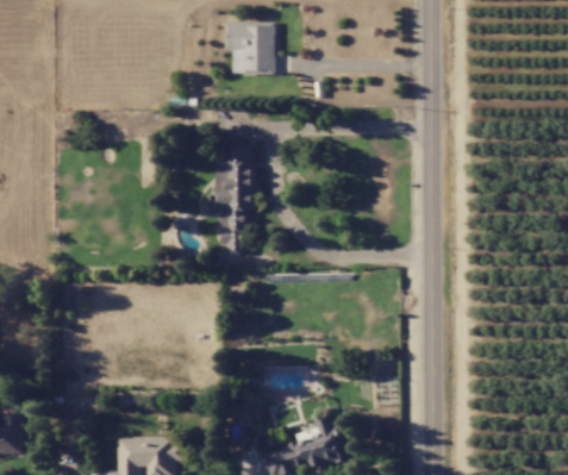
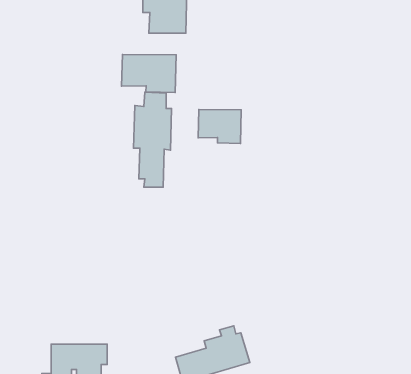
building: none -> [122,54,176,93]
building: none -> [198,109,241,144]

